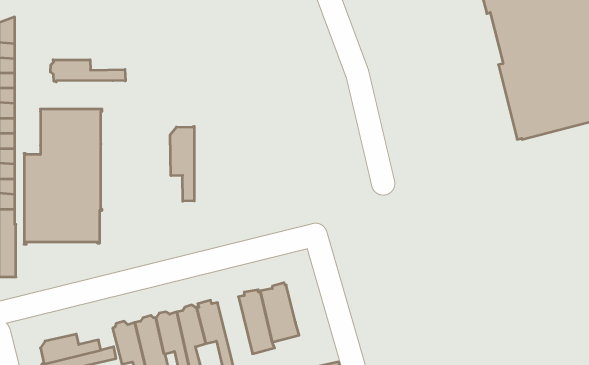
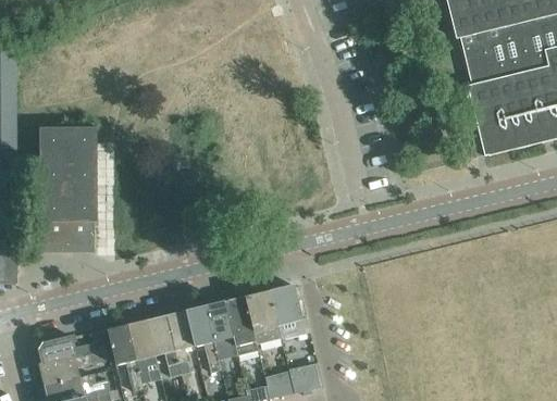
building: [50,60,125,82] -> none
building: [170,126,194,201] -> none
building: none -> [270,285,310,335]
building: none -> [206,300,238,360]

